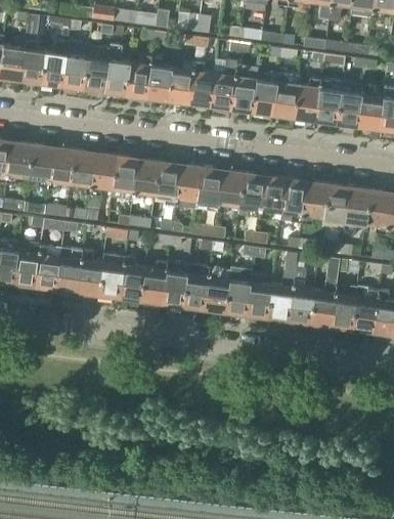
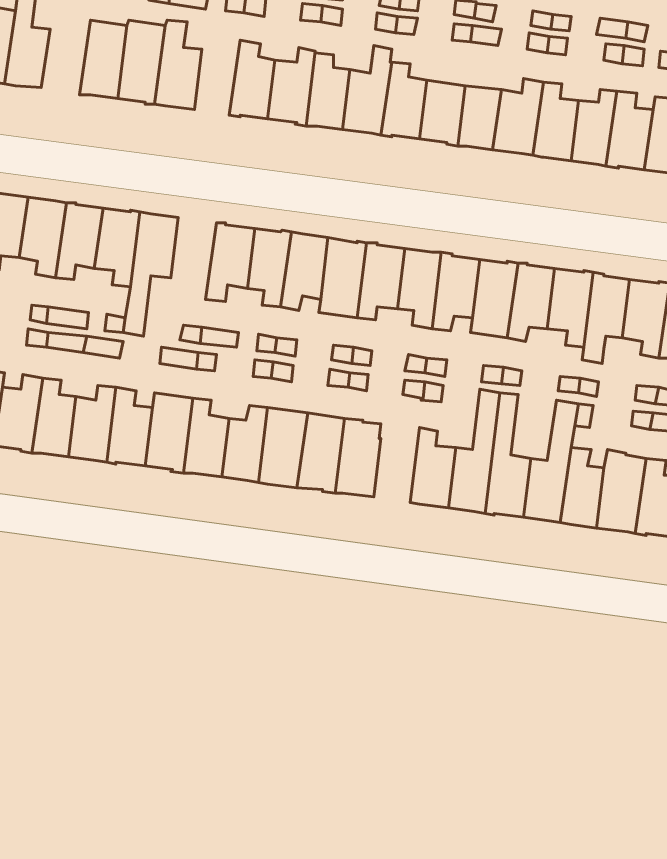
building: [39,38,67,86] -> none
building: [125,54,150,97] -> none
building: [112,155,137,201] -> none
building: [225,263,252,314] -> none

